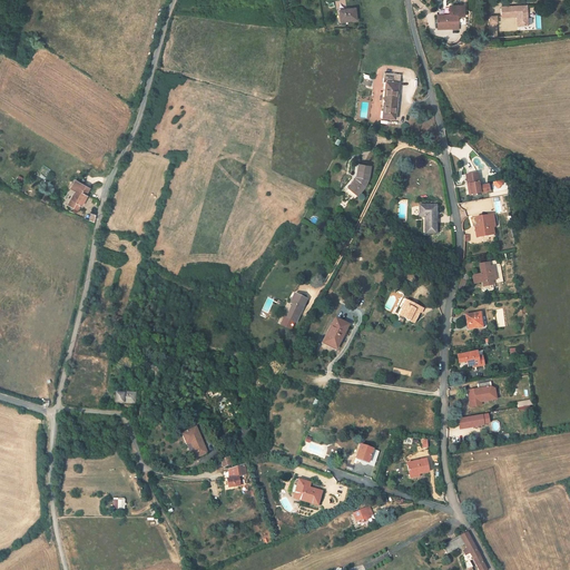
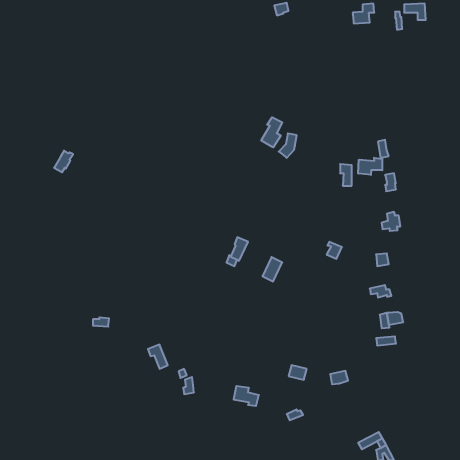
building: [382,72,400,117] -> none
building: none -> [261,117,282,147]
building: none -> [358,158,382,175]

